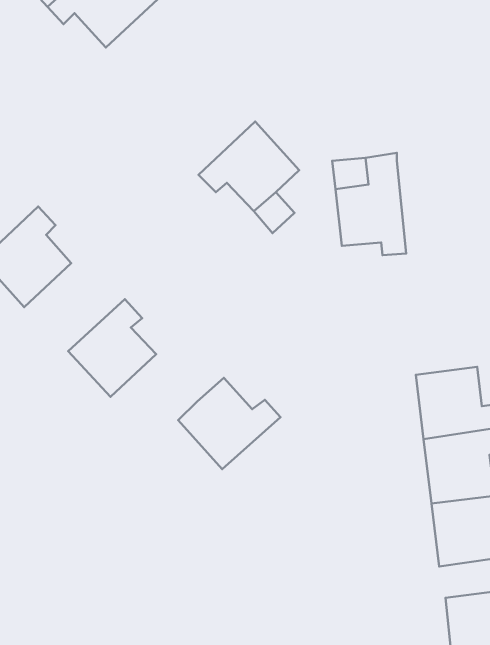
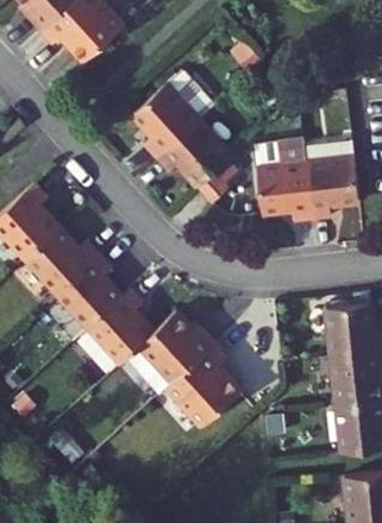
building: none -> [131,73,212,160]
building: none -> [306,145,359,220]
building: none -> [24,227,100,294]
building: none -> [89,289,155,363]
building: none -> [169,344,244,426]

